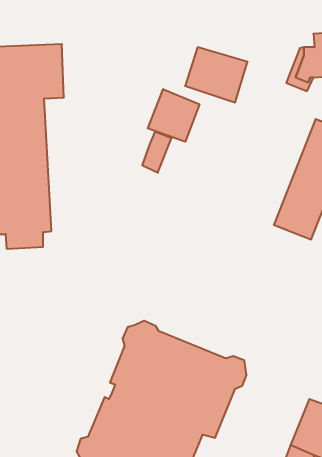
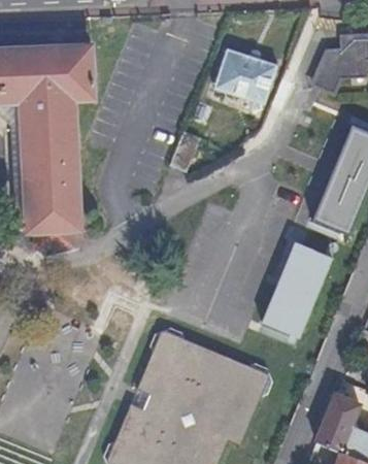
building: [148,89,199,142] -> none
building: none -> [263,241,334,338]

